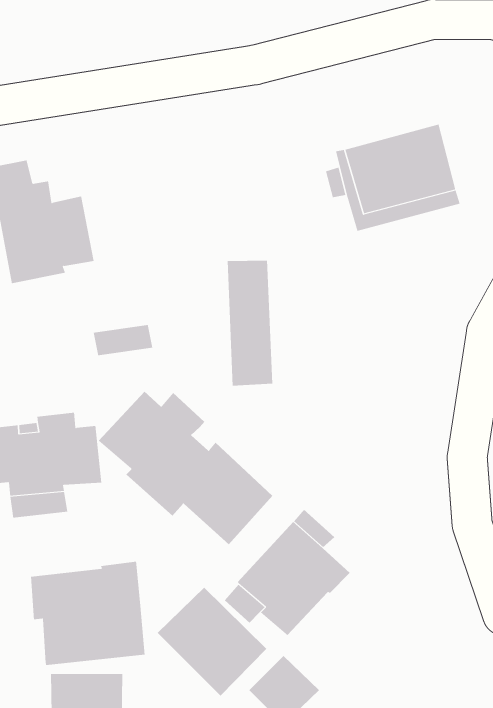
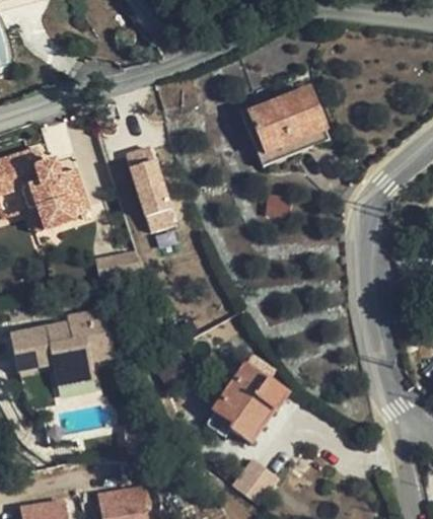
building: [227,260,273,386] -> [130,143,171,230]
building: [98,391,273,545] -> none
building: [30,561,145,666] -> none
building: [157,587,267,697] -> none

